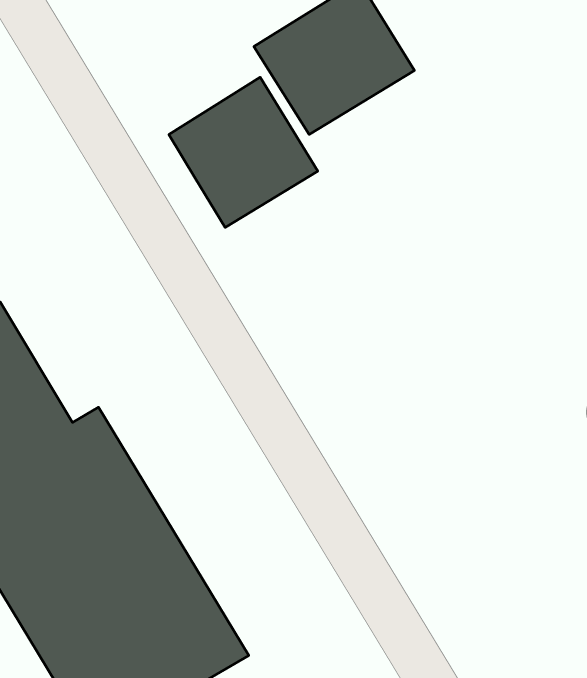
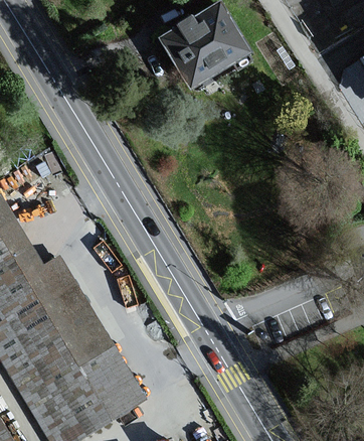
building: [169,77,318,227] -> none

